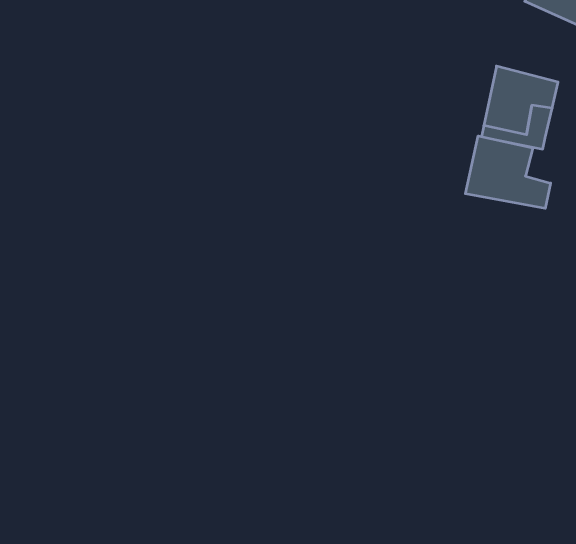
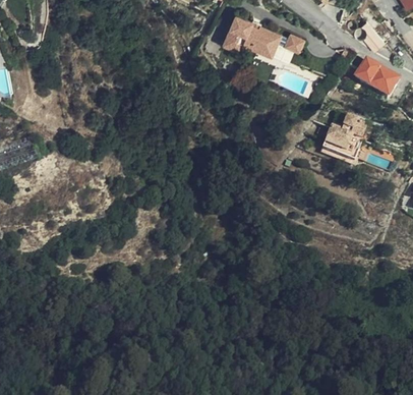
building: [465,136,551,208] -> none

